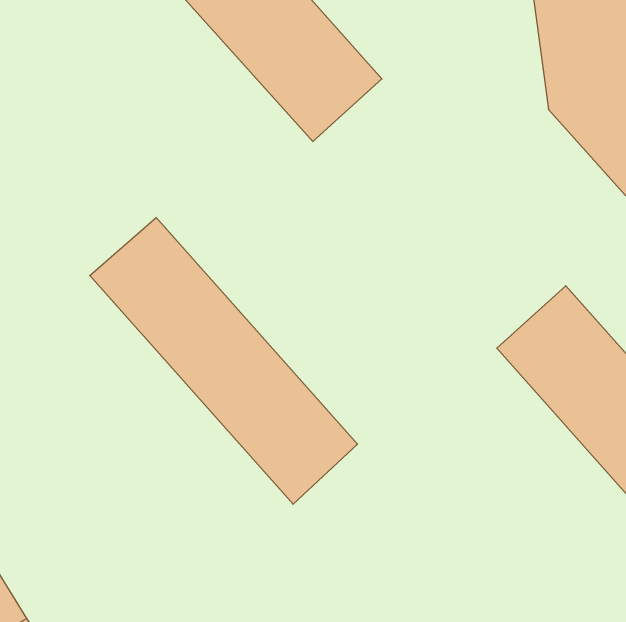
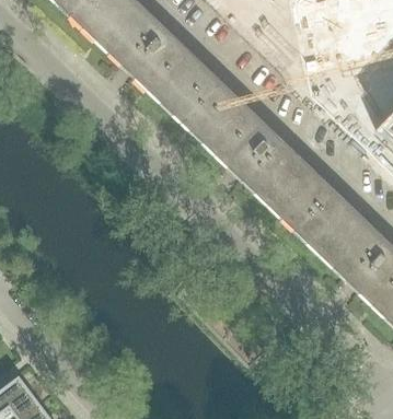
building: none -> [185,84,334,231]
building: [90,218,358,504] -> none

